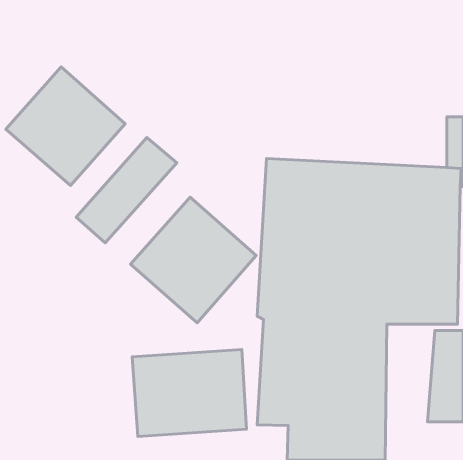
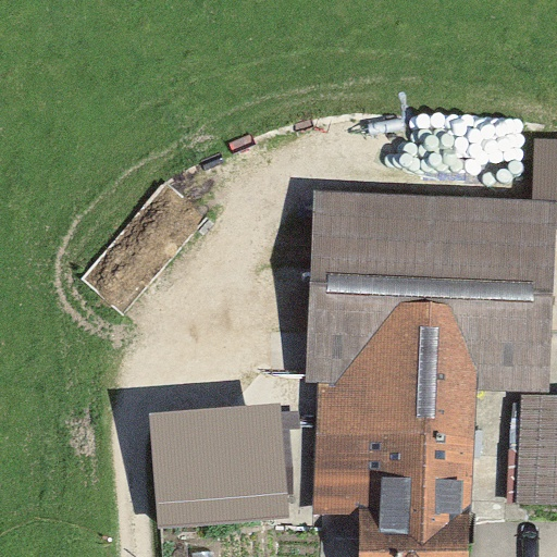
building: [6,67,125,185] -> none
building: [131,197,256,323] -> none

